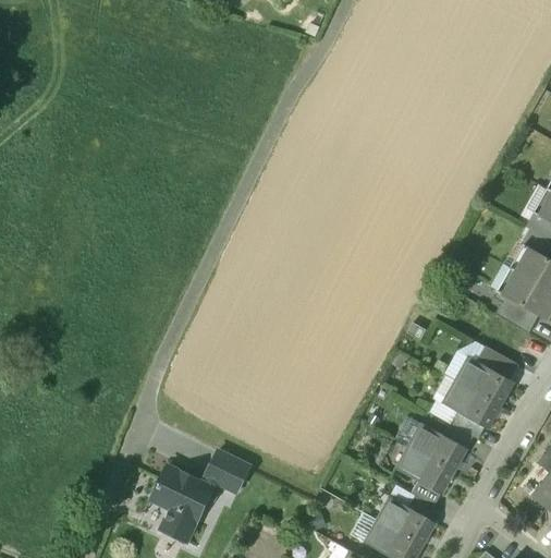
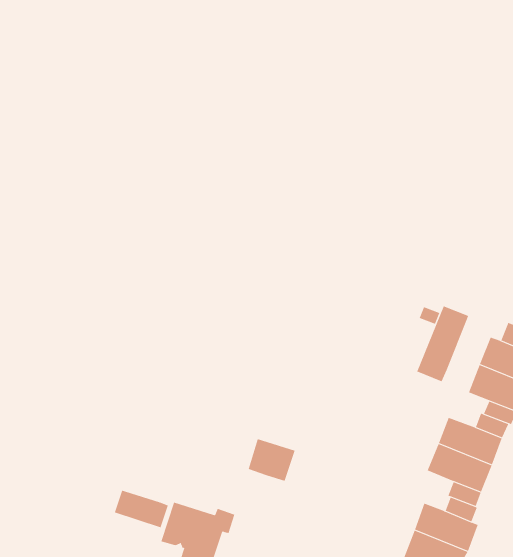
building: none -> [416,305,469,382]
building: none -> [114,490,169,528]
building: [205,451,249,493] -> [248,439,296,482]

